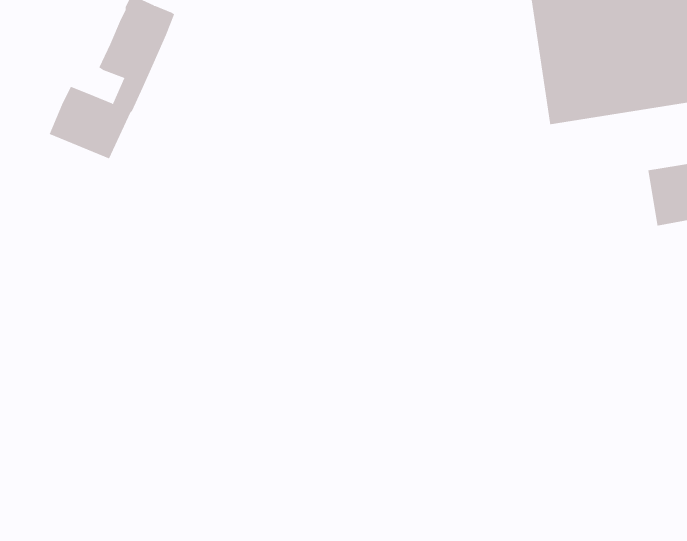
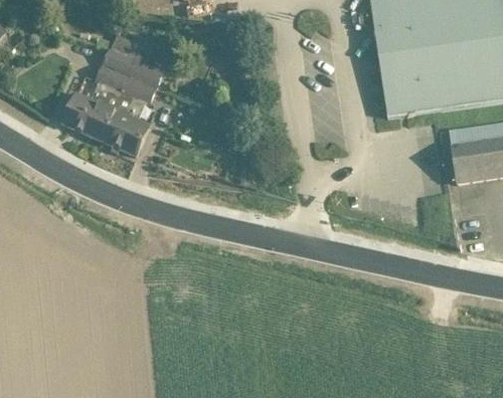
building: none -> [103,54,165,150]

